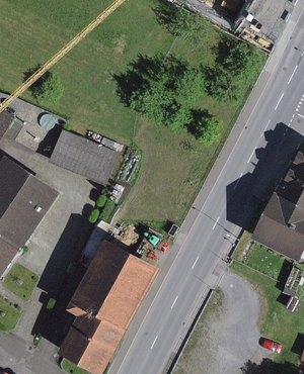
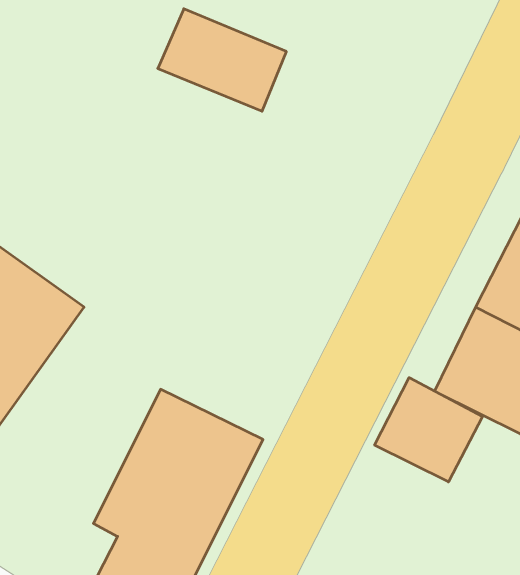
building: [46,129,116,185] -> [158,9,286,111]
building: none -> [375,378,483,482]

